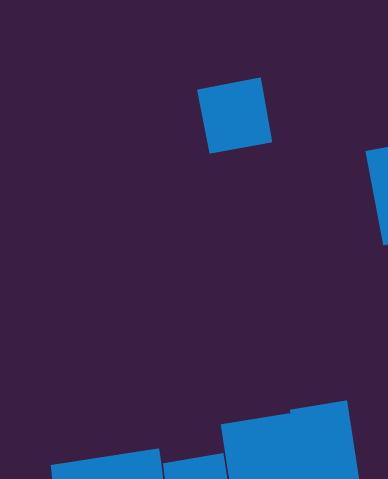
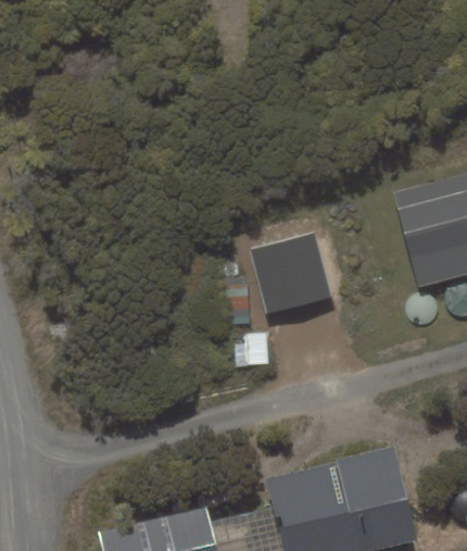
building: [196,77,273,154] -> [250,233,331,314]

